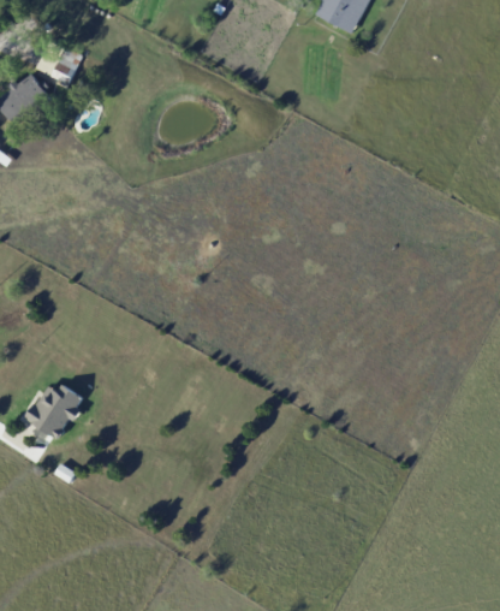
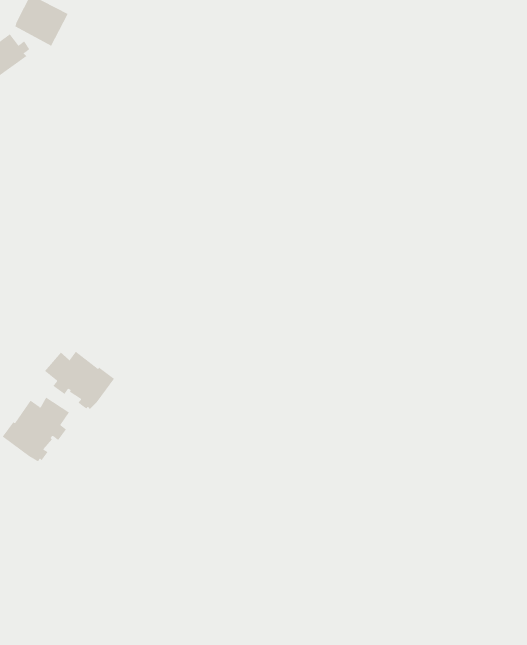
building: none -> [44,351,115,410]

